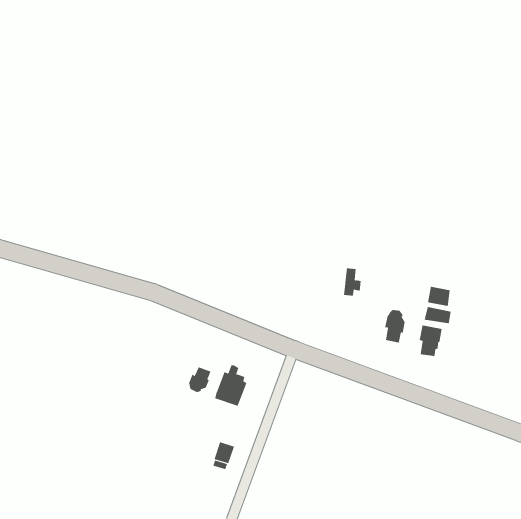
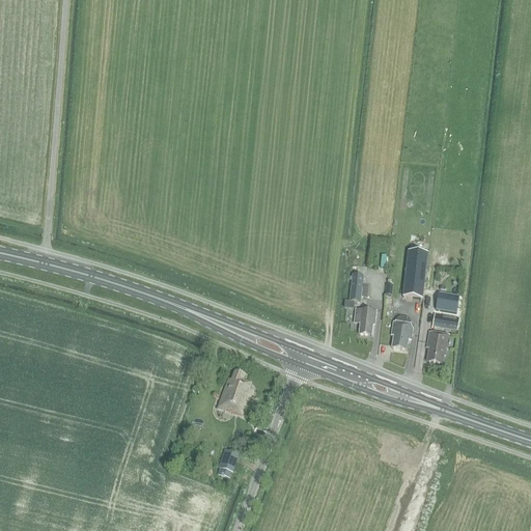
building: none -> [401,249,427,298]
building: none -> [354,308,375,334]
building: [188,366,211,393] -> none

